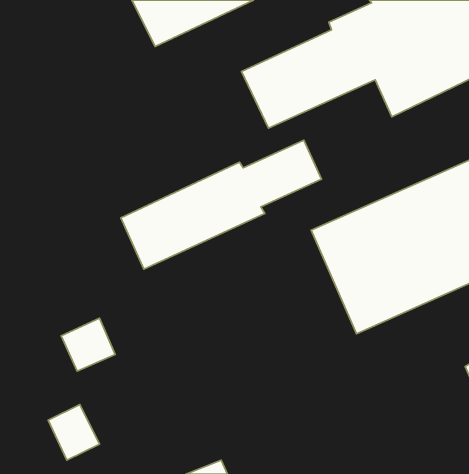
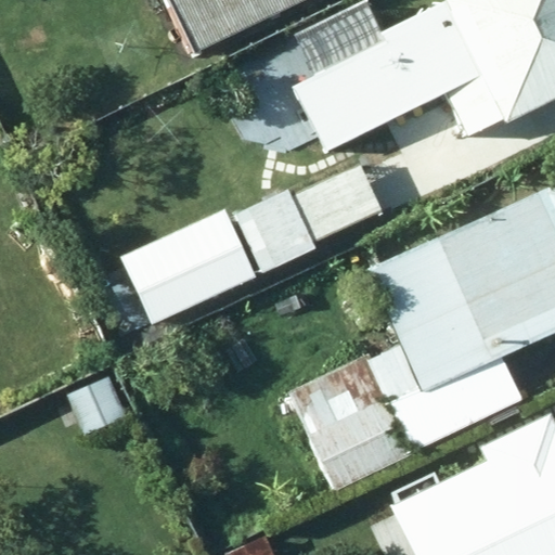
building: none -> [289,352,415,489]
building: none -> [414,409,542,545]

